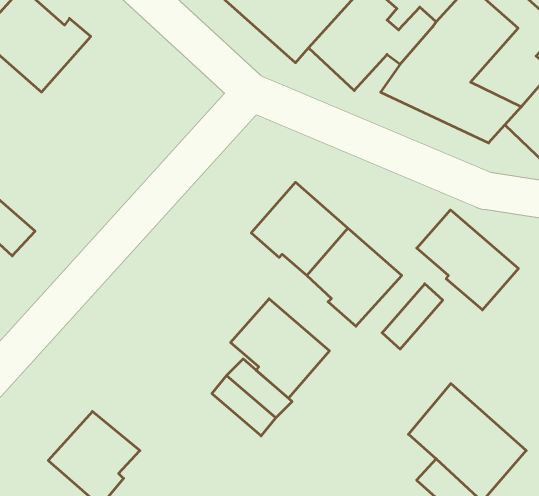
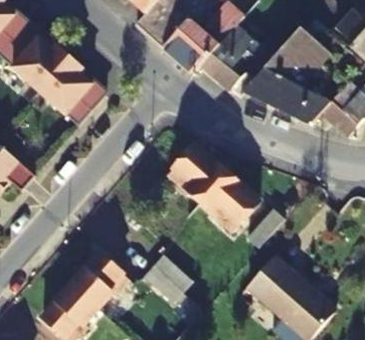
building: none -> [37,56,104,126]
building: [417,210,518,310] -> none
building: [231,299,329,398] -> none
building: none -> [68,254,129,311]
building: none -> [247,257,289,301]

